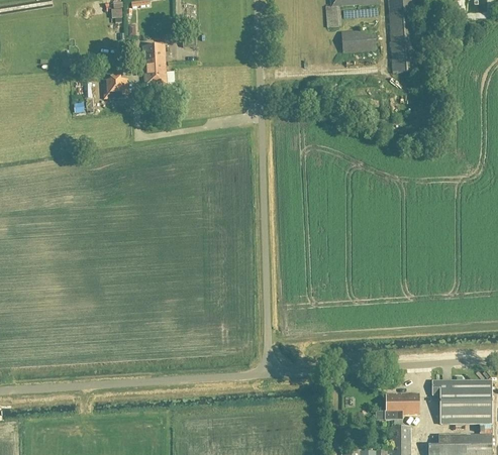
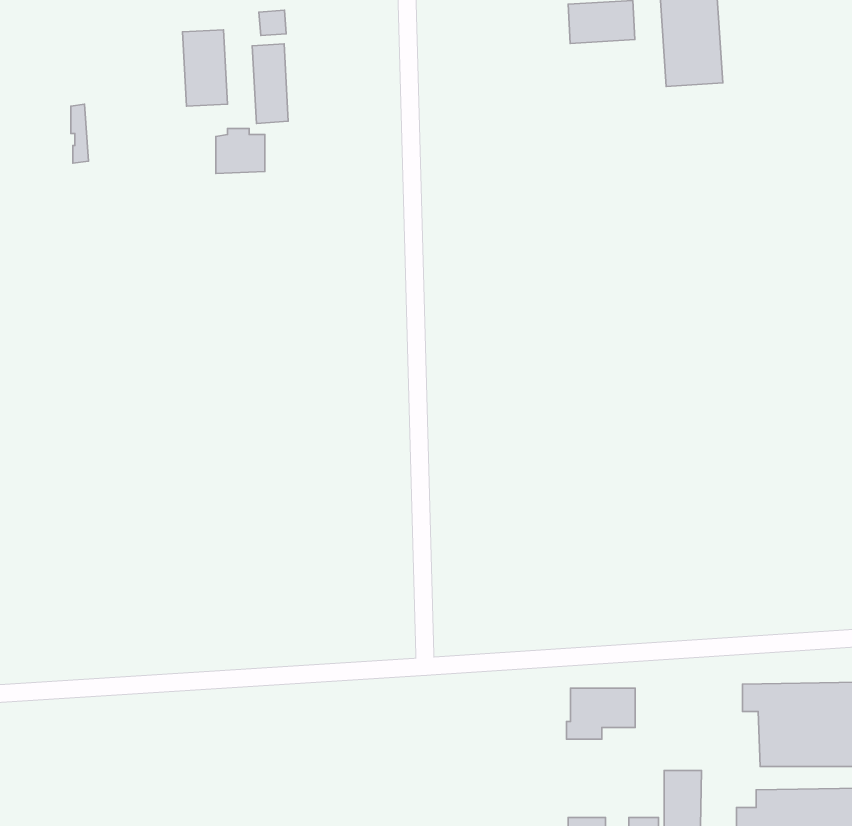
building: none -> [252,44,288,123]
building: [103,76,128,99] -> [216,129,265,174]
building: [384,393,419,420] -> [567,688,635,739]

